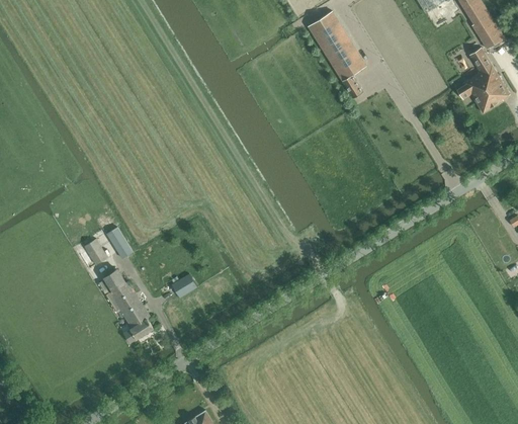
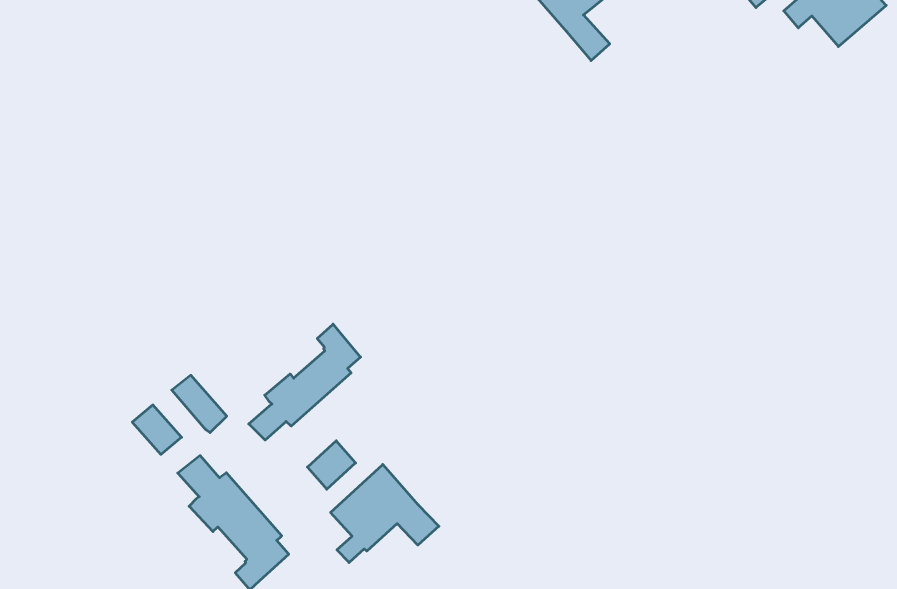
building: none -> [249,324,361,440]
building: none -> [331,464,439,563]

